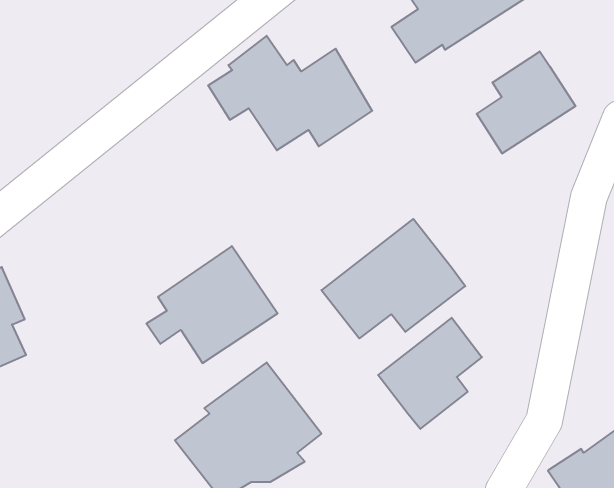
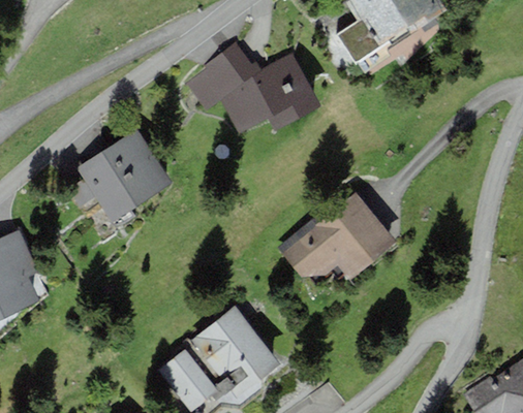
building: [477,51,575,154] -> none
building: [146,246,278,363] -> [66,127,173,222]
building: [378,318,482,429] -> none

